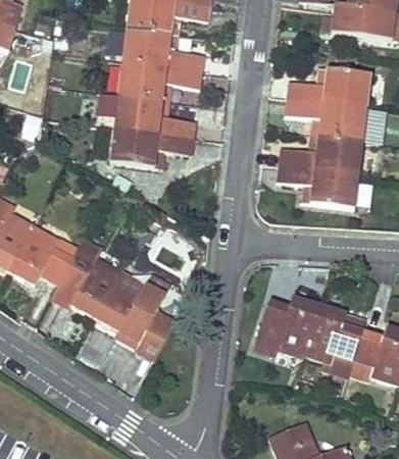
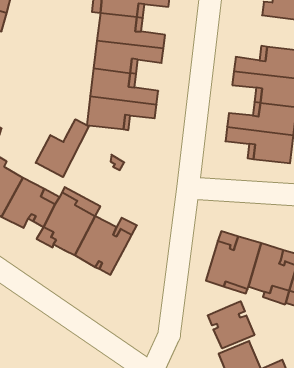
building: none -> [36,119,89,177]
building: [135,309,176,359] -> none
building: none -> [208,301,254,348]

